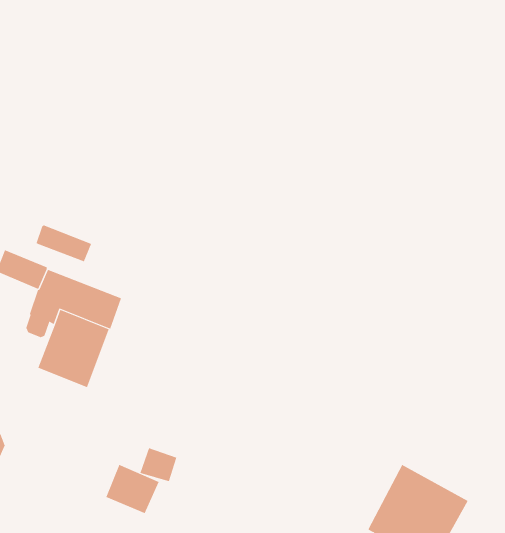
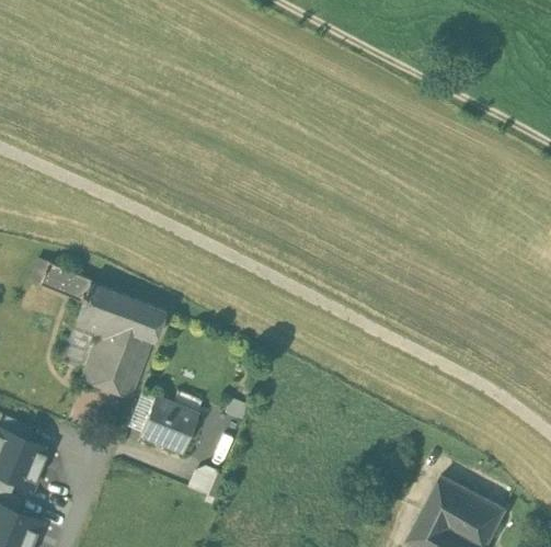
building: [36,225,92,262] -> none
building: [105,464,160,514] -> [141,397,195,446]

